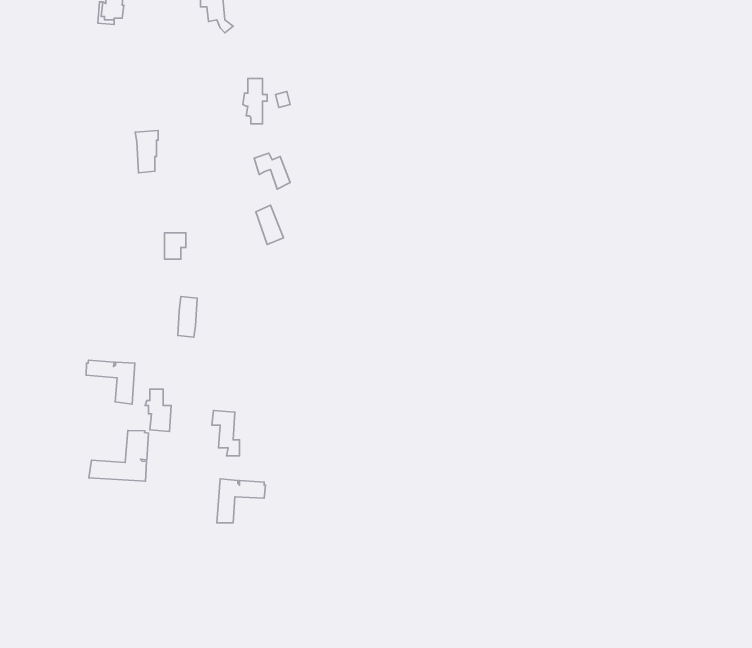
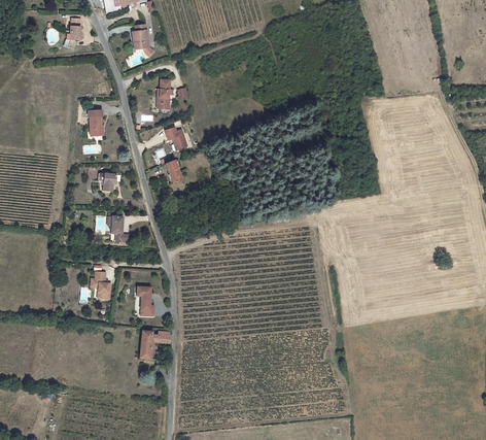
building: [86,360,135,404] -> none
building: [89,430,149,481] -> none

